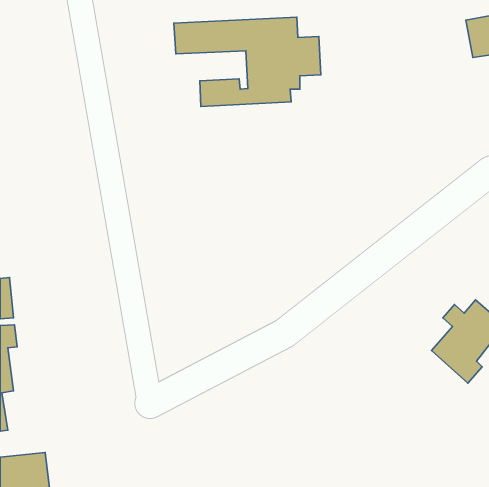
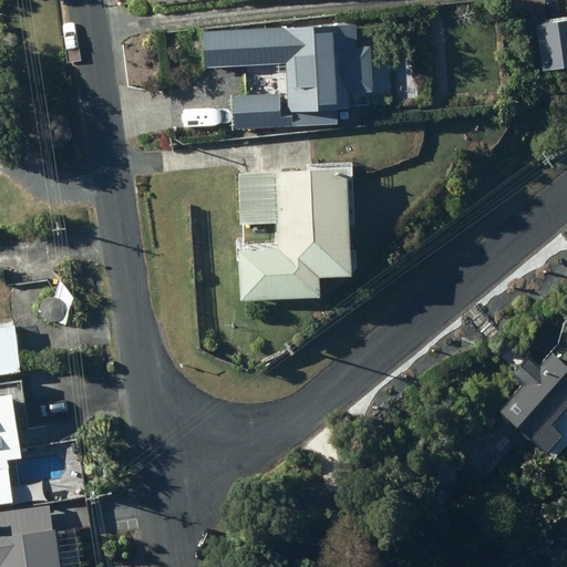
building: none -> [238,167,351,300]

